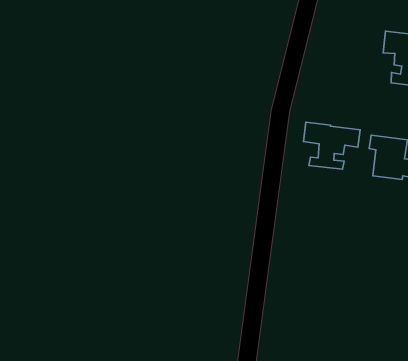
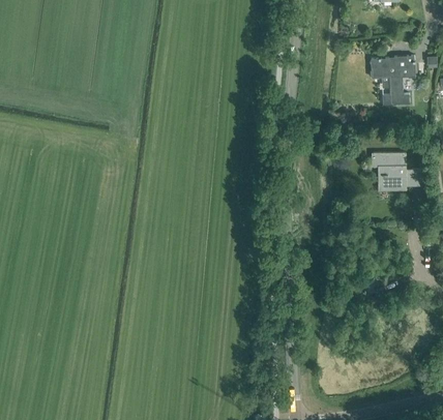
building: [304,122,360,169] -> none

